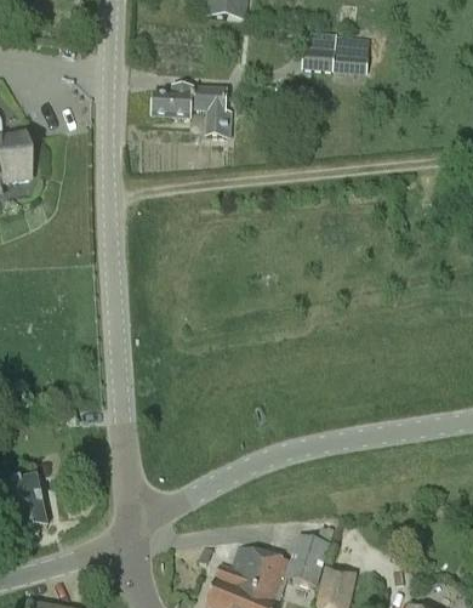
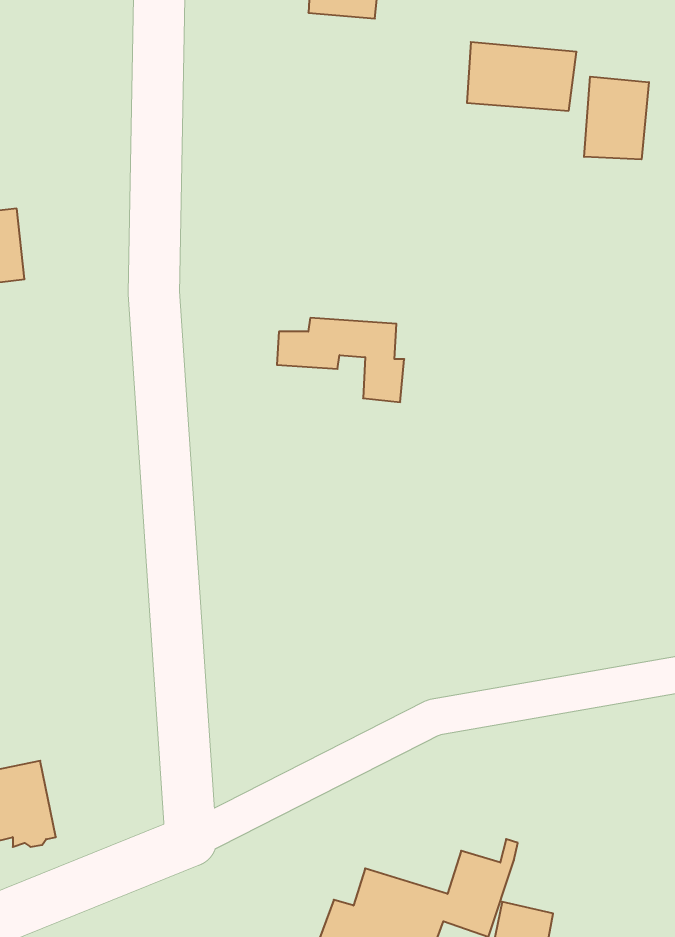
building: none -> [584,77,649,159]
building: [153,85,232,137] -> [277,318,404,402]

